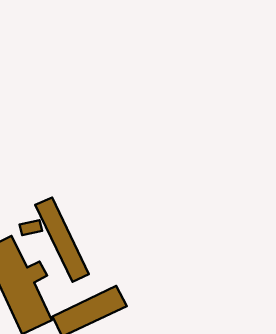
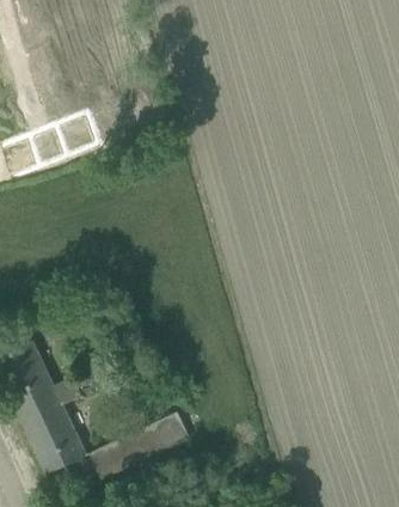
building: [35,198,89,282] -> none

